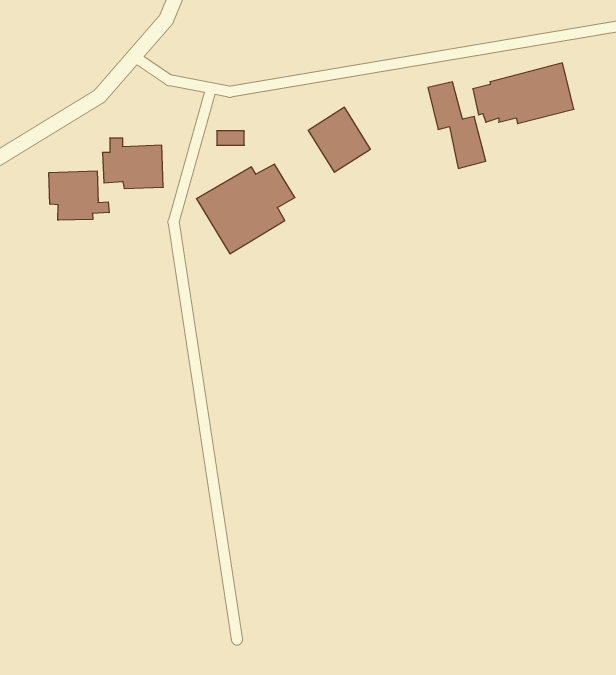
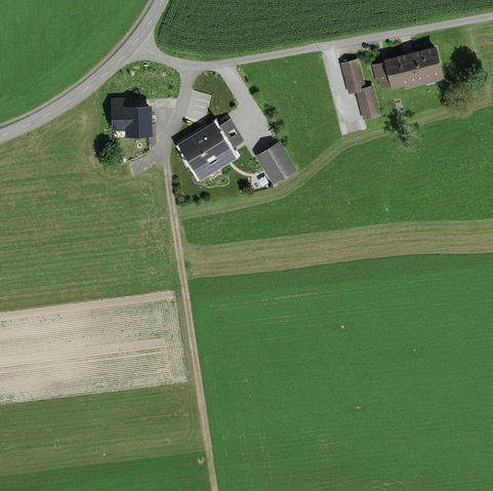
building: [308,107,370,172] -> [253,140,297,187]
building: [49,171,109,220] -> none

